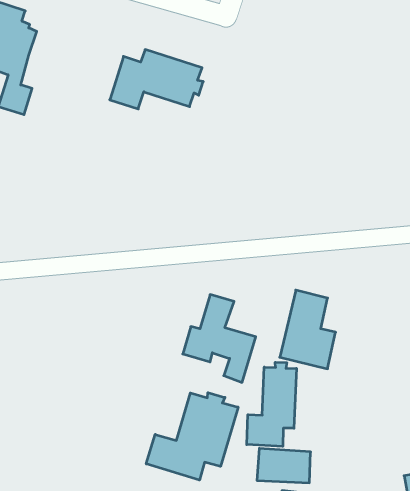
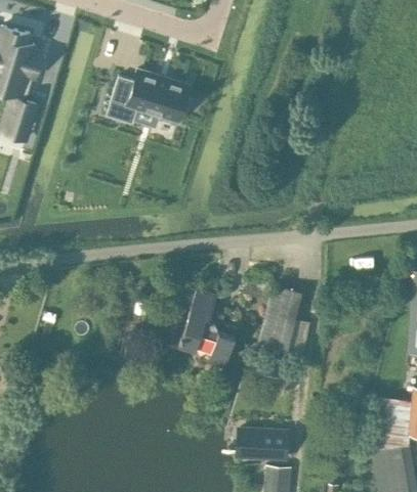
building: [247,362,296,446] -> none
building: [146,393,238,480] -> none

